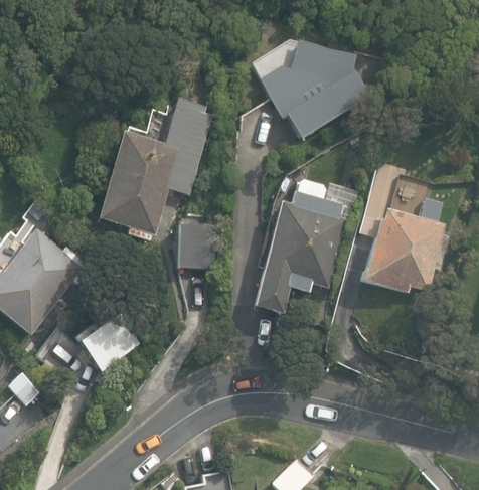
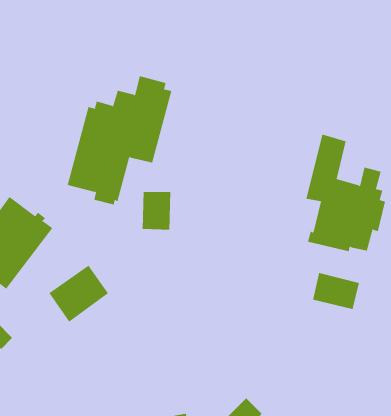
building: [254,45,366,134] -> none
building: [254,177,344,311] -> none
building: none -> [313,272,360,310]

